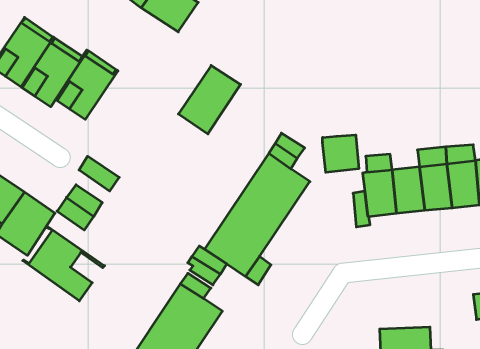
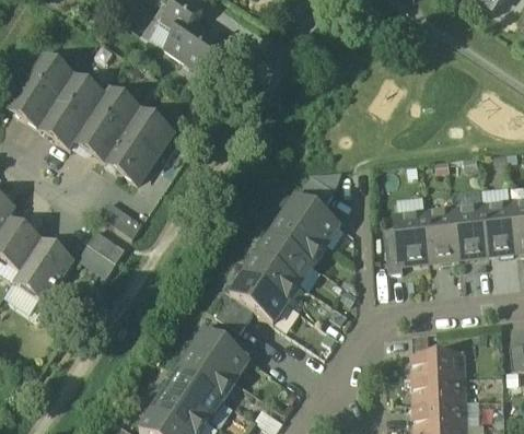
building: [178,65,241,134] -> [106,112,171,183]
building: [323,135,359,172] -> none
building: [23,226,105,301] -> none
building: none -> [411,353,464,379]

